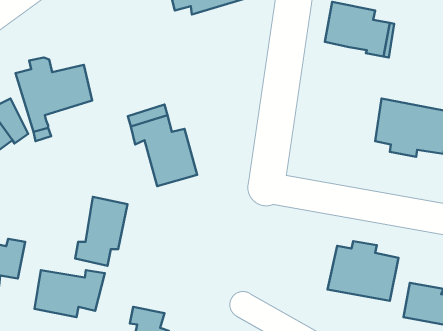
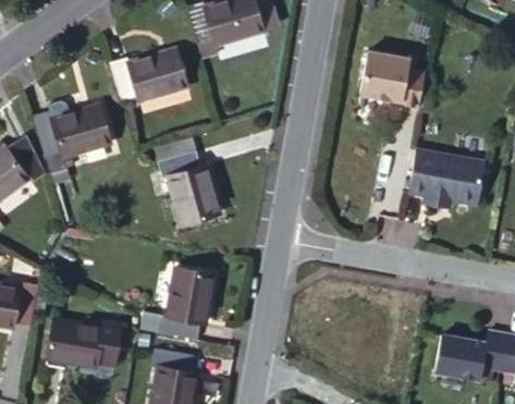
building: none -> [106,52,184,106]
building: [75,197,128,266] -> [156,274,210,346]
building: [327,241,399,301] -> none

